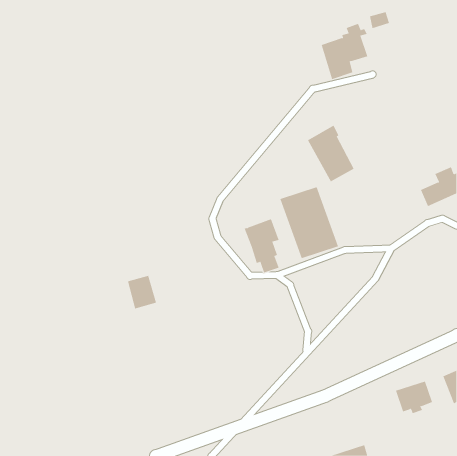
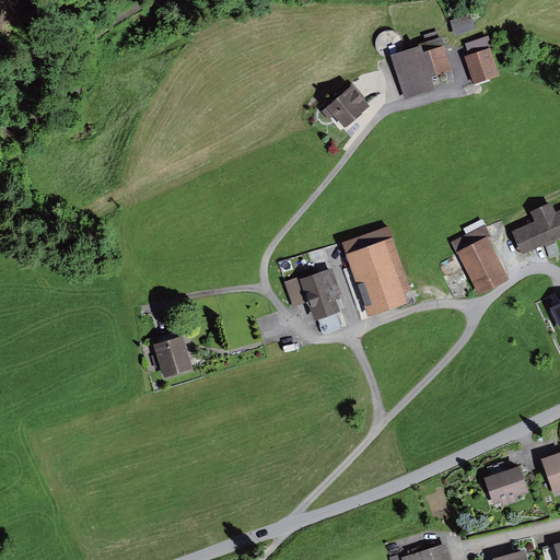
building: none -> [464,35,500,84]
building: none -> [322,84,369,127]
building: [307,125,355,182] -> [451,223,509,293]
building: none -> [282,272,306,306]

